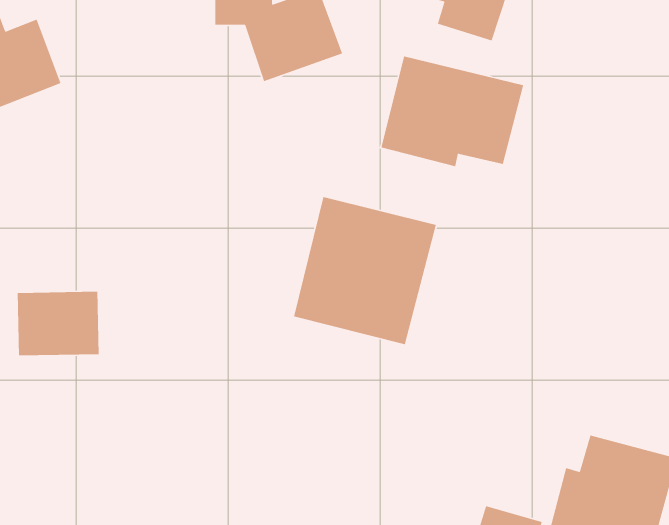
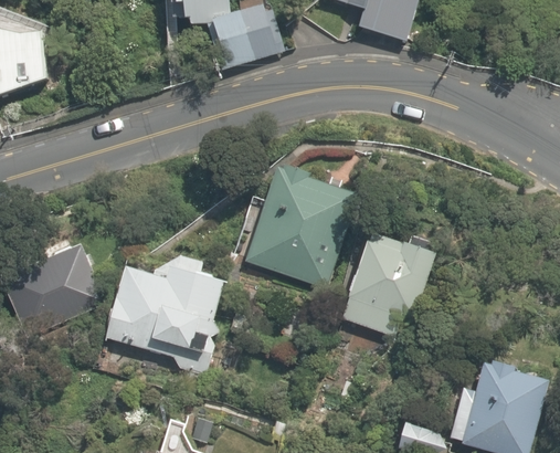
building: [380,55,524,167] -> none
building: none -> [341,229,439,337]
building: none -> [103,254,228,351]

